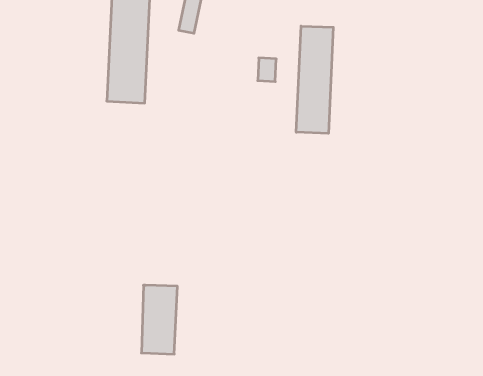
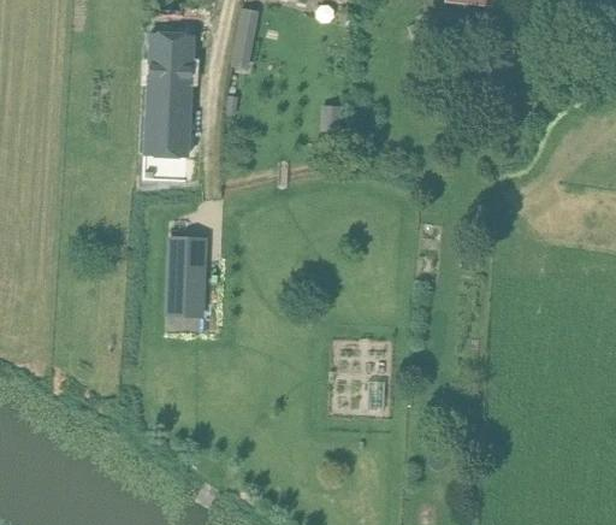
building: [296,26,333,133] -> none
building: [141,285,177,354] -> [165,235,207,315]

